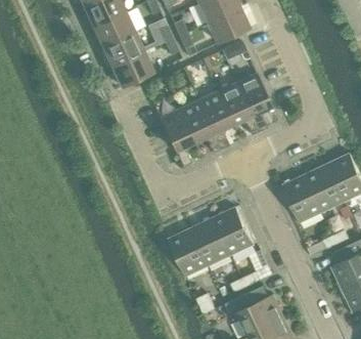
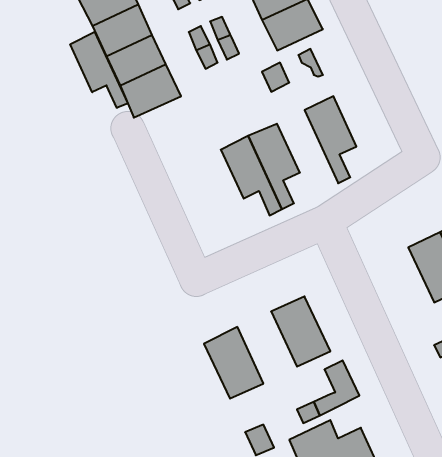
building: none -> [70,32,128,108]
building: [218,83,259,136] -> none
building: [161,110,195,168] -> none
building: [282,175,323,223] -> none
building: [191,218,231,266] -> none

